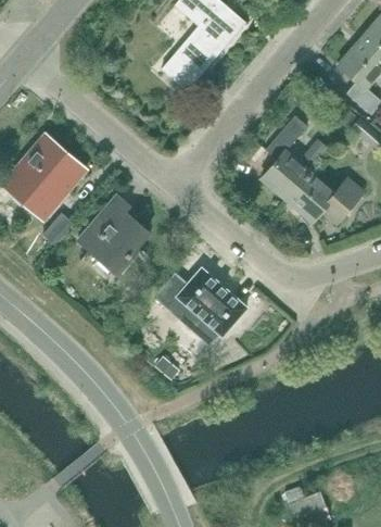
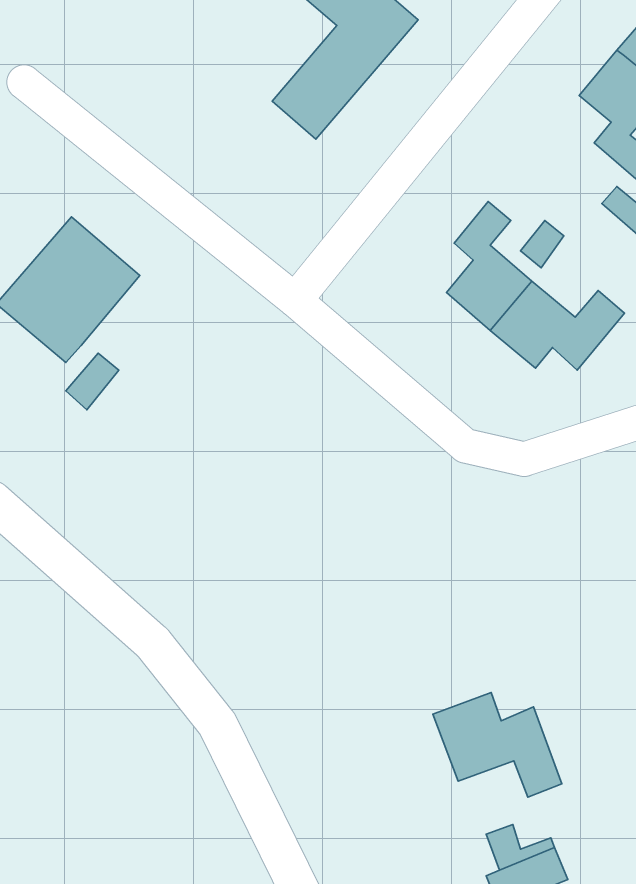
building: [78,195,149,275] -> none
building: [155,267,247,344] -> none
building: none -> [433,693,562,797]

